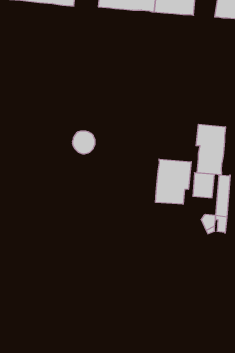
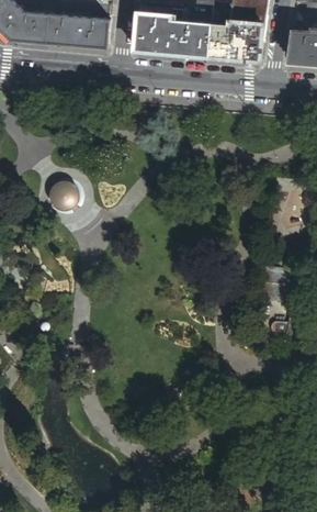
building: [196,124,225,175] -> none
building: [72,131,95,154] -> [48,183,78,213]
building: [156,159,191,204] -> none

